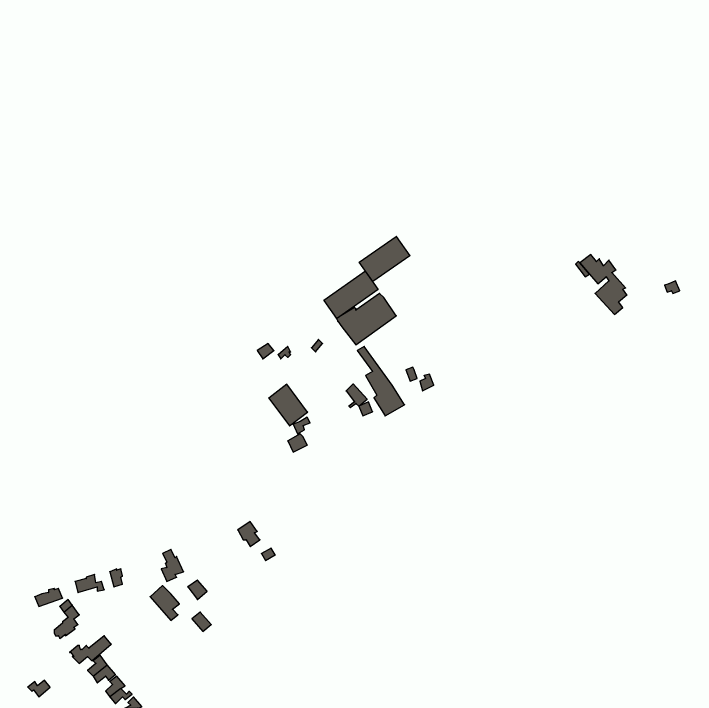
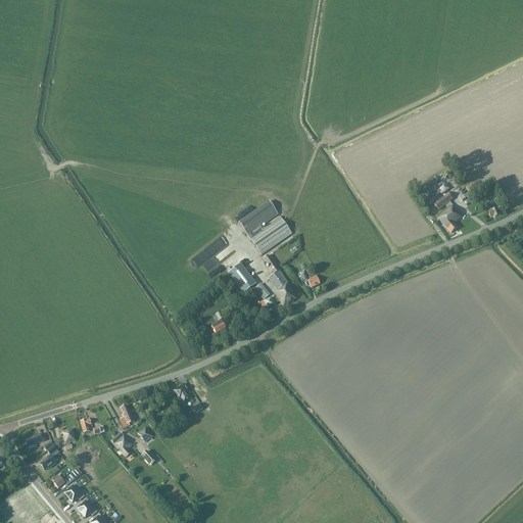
building: [359,236,410,282] -> none
building: [269,384,308,426] -> [228,263,256,293]

